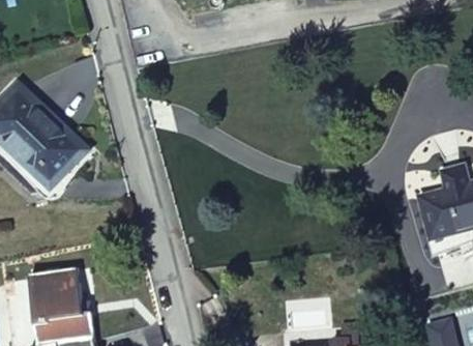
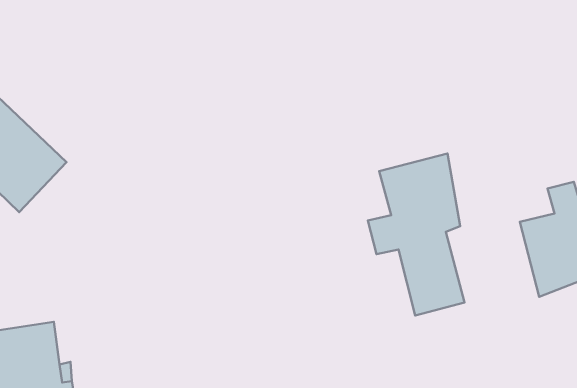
building: none -> [368,153,465,316]

